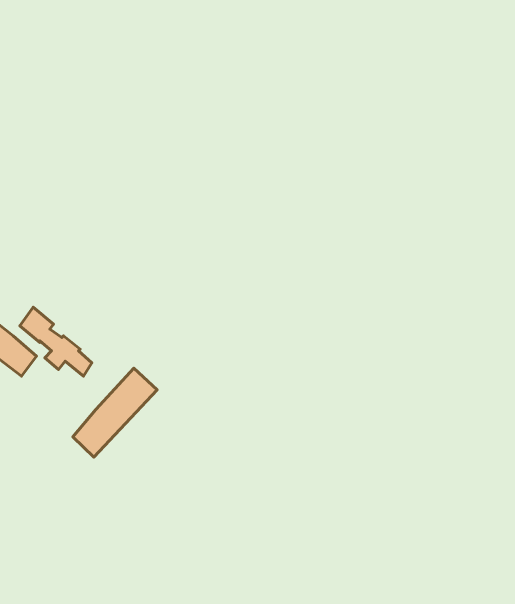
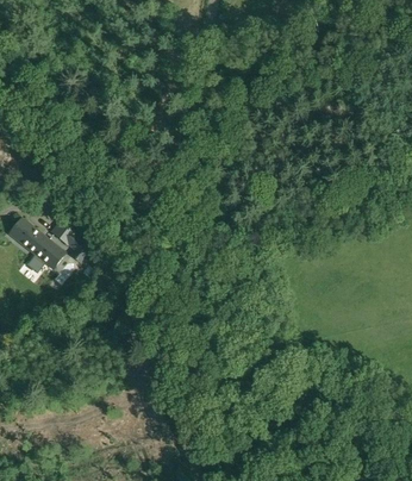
building: [73,368,157,457] -> none

